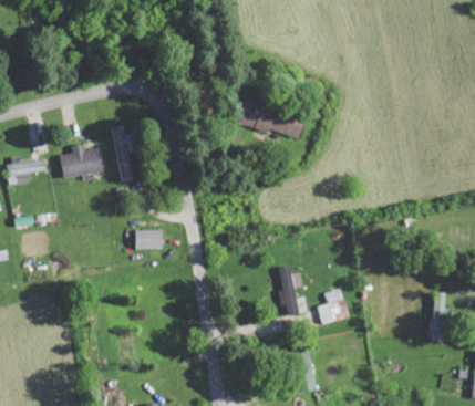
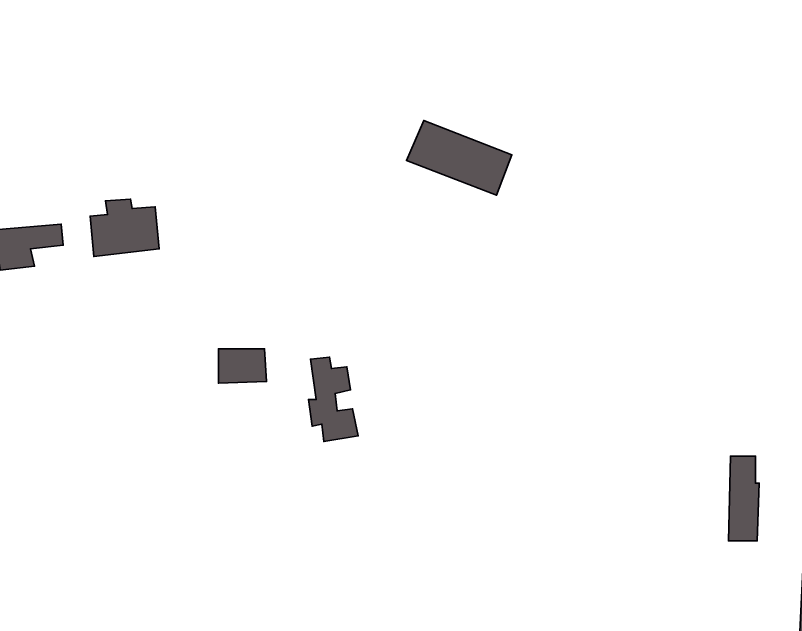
building: [109,125,140,181] -> none
building: [278,267,307,315] -> [308,357,358,442]
building: [316,288,349,324] -> none

